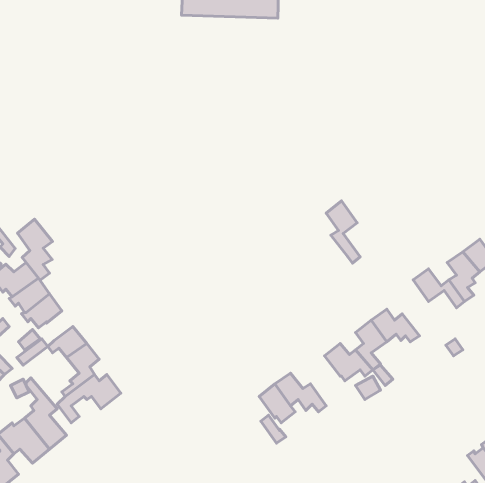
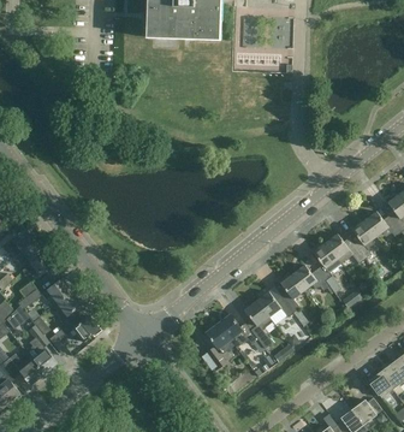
building: [326,201,360,263] -> [313,242,339,290]
building: [18,219,52,280] -> none
building: none -> [244,301,272,351]

